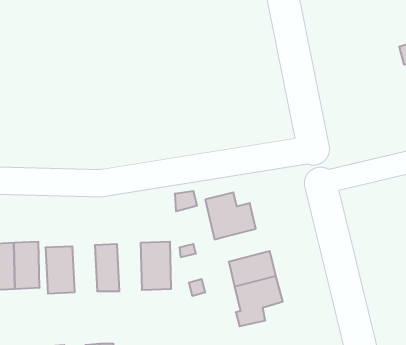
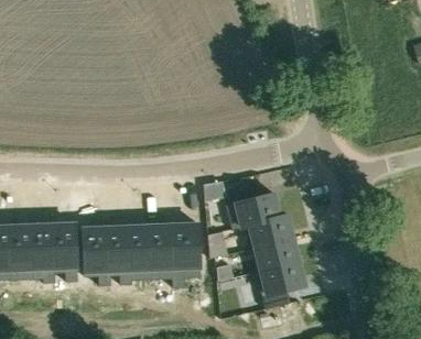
building: none -> [248,216,292,248]
building: none -> [149,230,172,275]
building: none -> [107,232,130,276]

